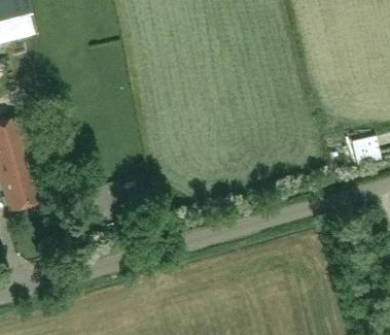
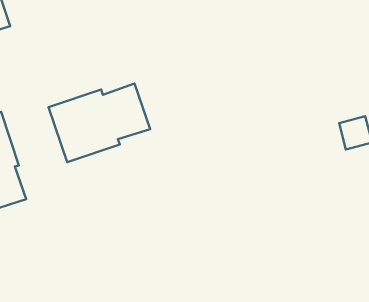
building: none -> [49,84,150,162]

